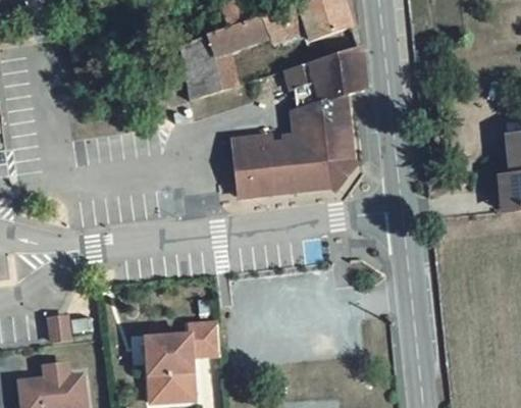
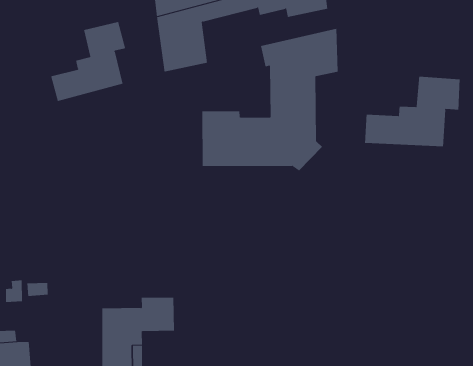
building: none -> [50,21,126,102]
building: none -> [365,76,460,147]

